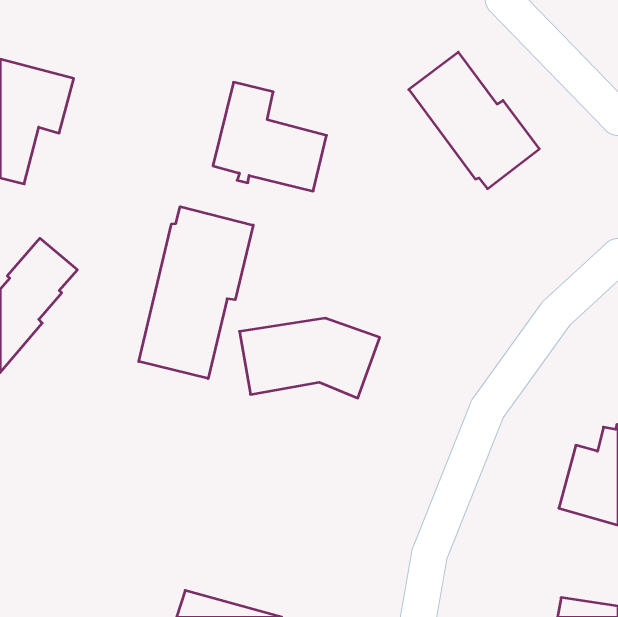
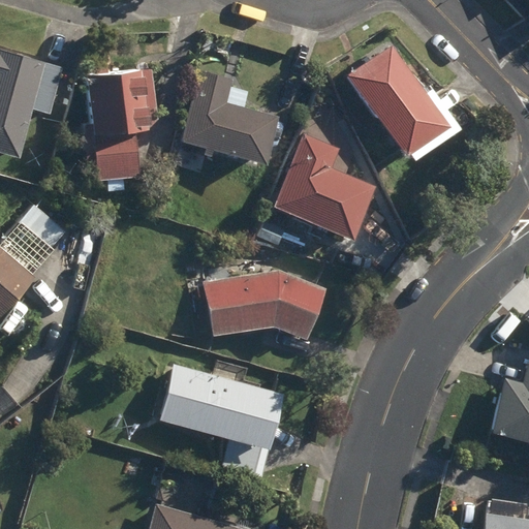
building: none -> [84,69,157,181]
building: none -> [275,134,376,239]
building: [139,207,253,379] -> none
building: none -> [160,365,285,449]

